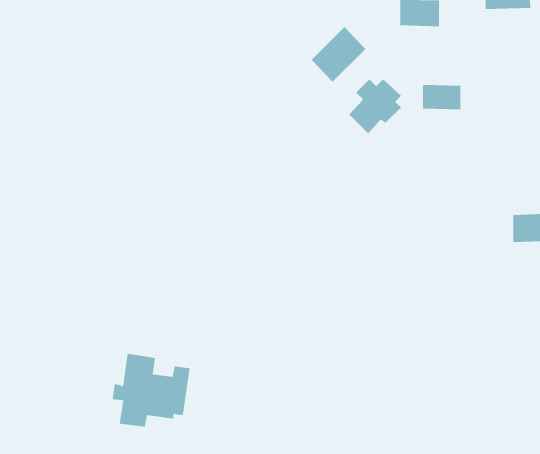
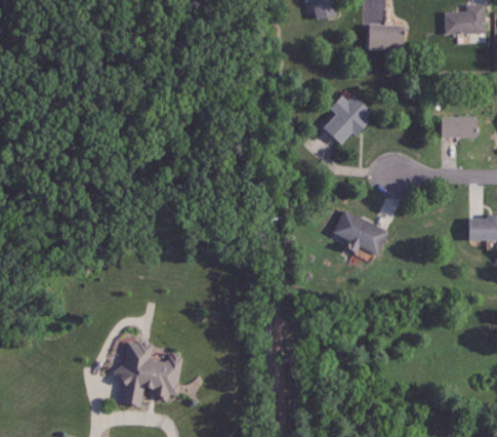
building: [311,26,366,83] -> none
building: [422,84,461,110] -> [440,116,474,138]
building: none -> [332,210,387,254]

